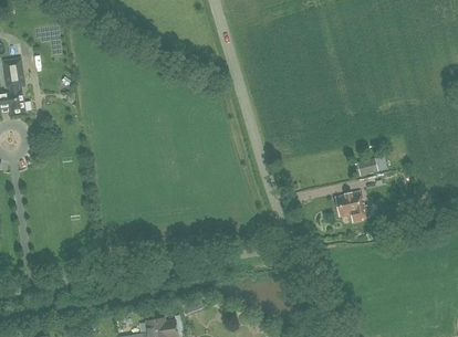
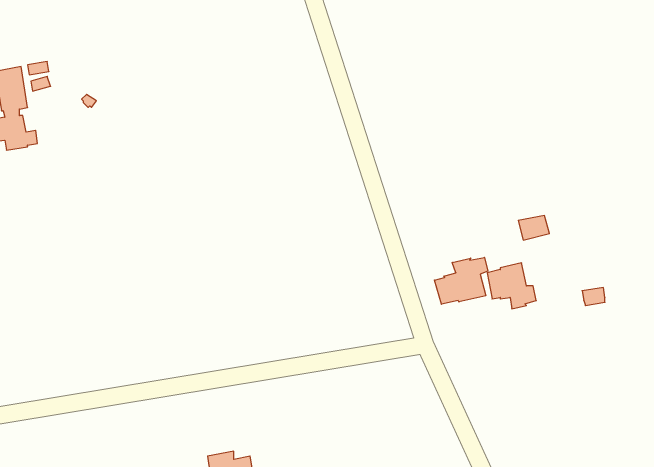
building: none -> [434,257,488,304]

